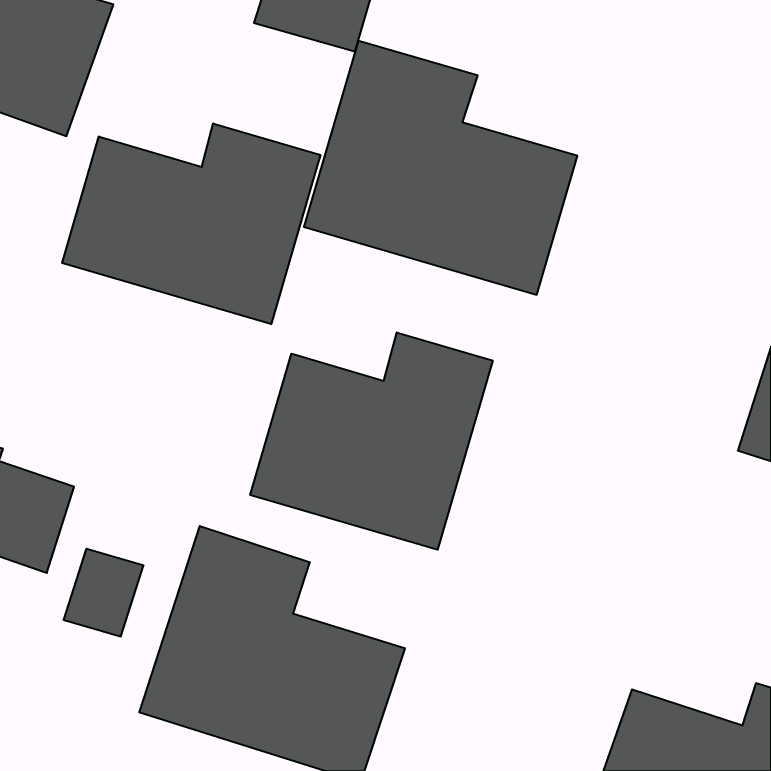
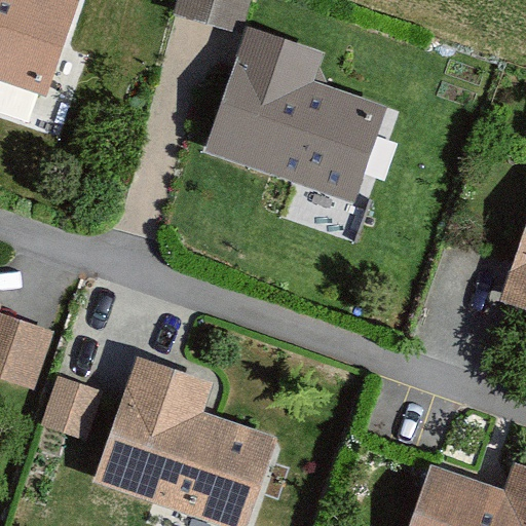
building: [62,123,320,324] -> none
building: [250,332,493,550] -> none

